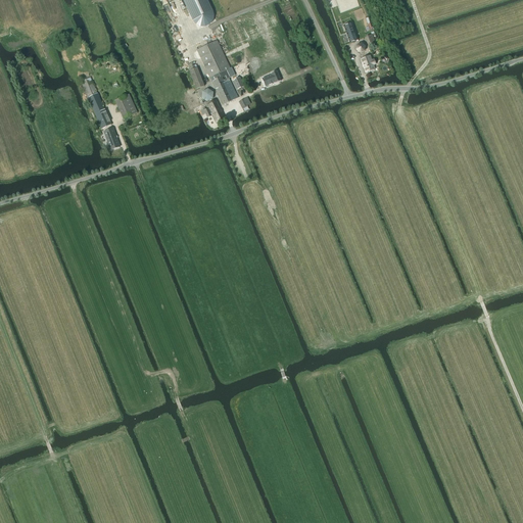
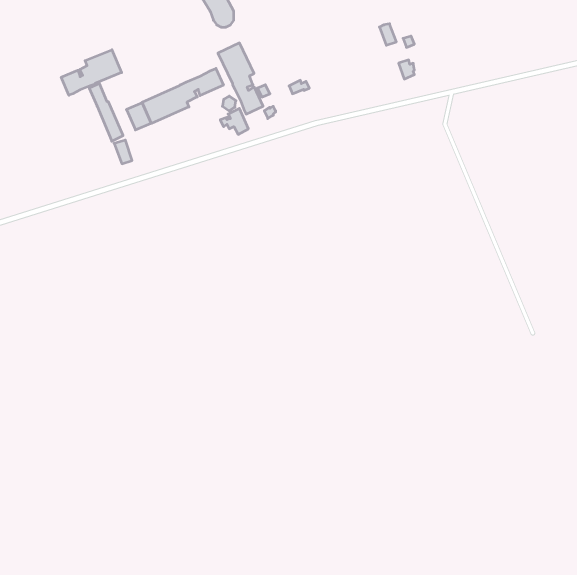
building: none -> [61,50,122,95]
building: none -> [142,68,223,123]

